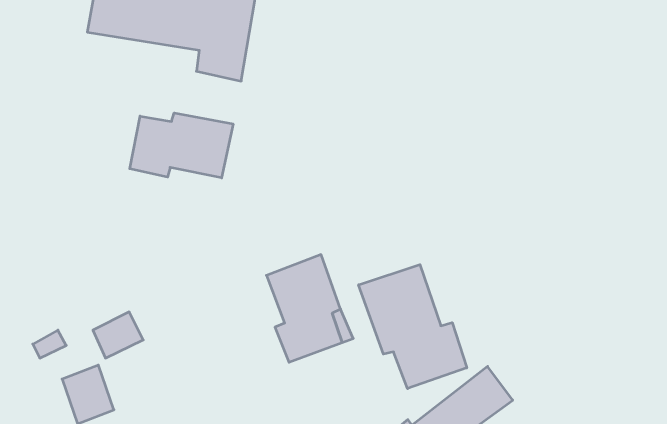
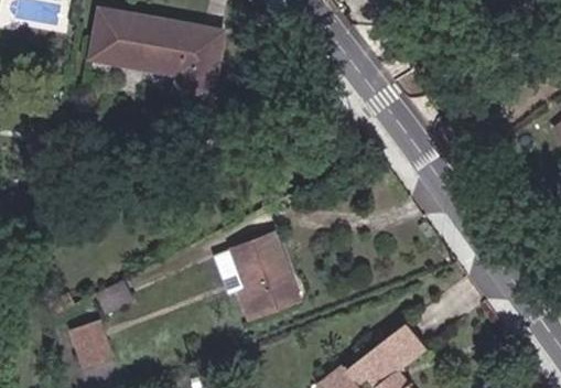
building: [130,113,233,178] -> none
building: [359,265,467,389] -> none

